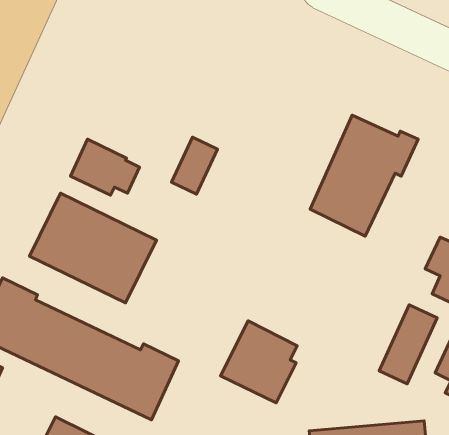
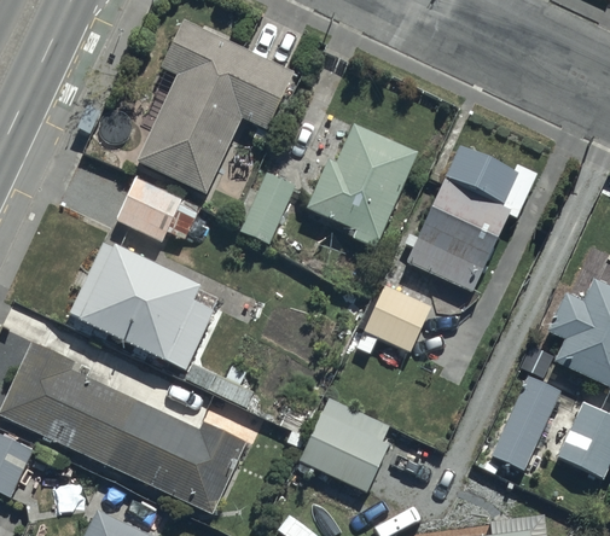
building: none -> [133,21,291,196]
building: none -> [307,124,420,258]
building: none -> [355,284,430,354]

